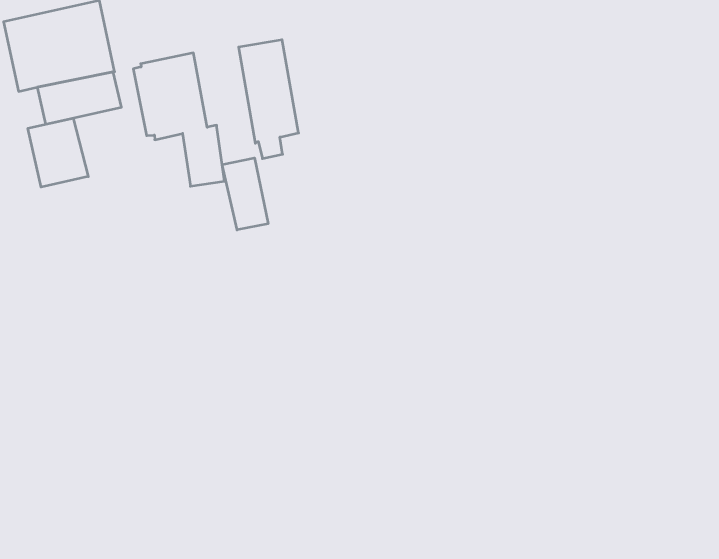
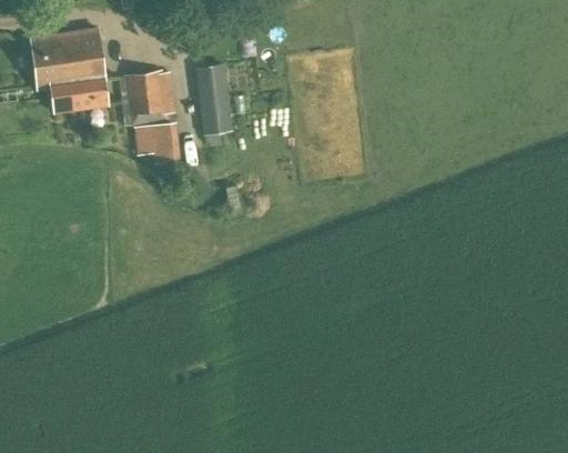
building: [28,118,88,187] -> none
building: [222,158,268,230] -> none

